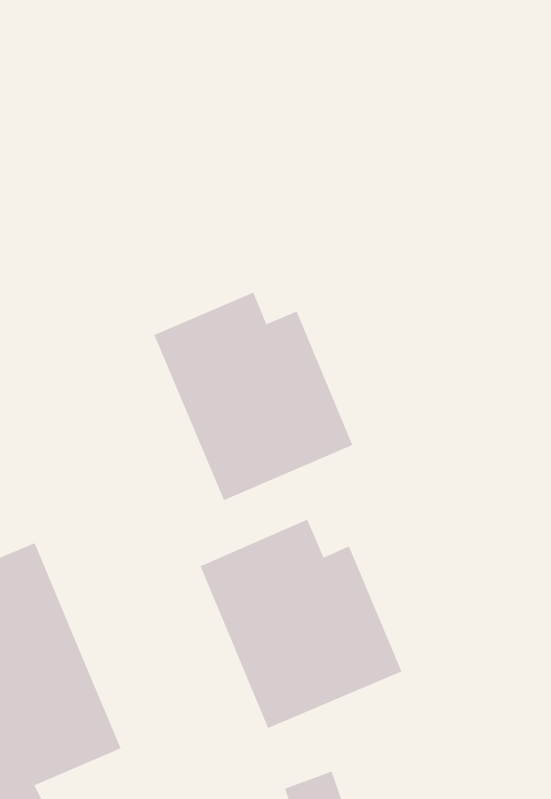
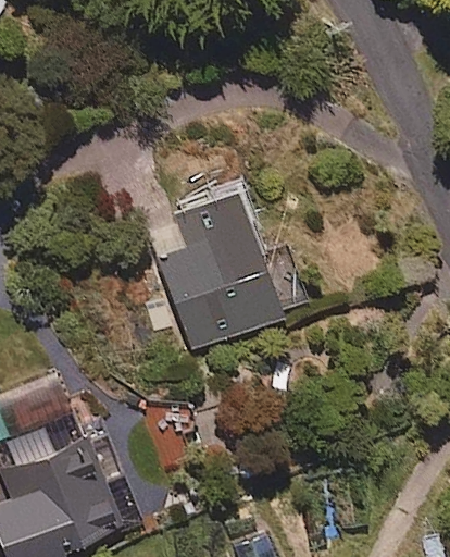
building: [200,519,402,729] -> none

